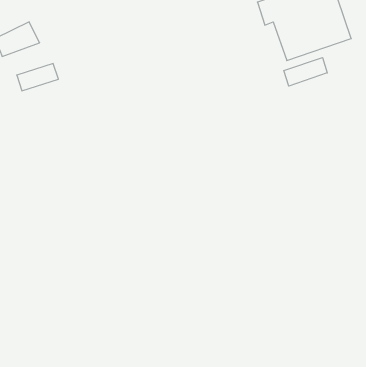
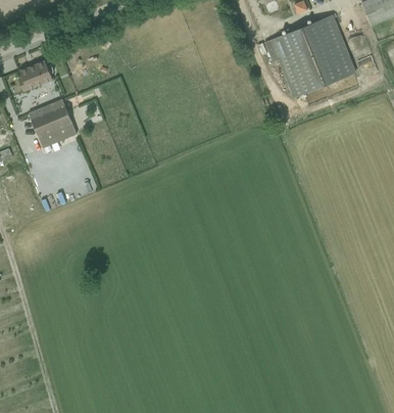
building: [284,58,327,86] -> none
building: none -> [37,118,78,150]

